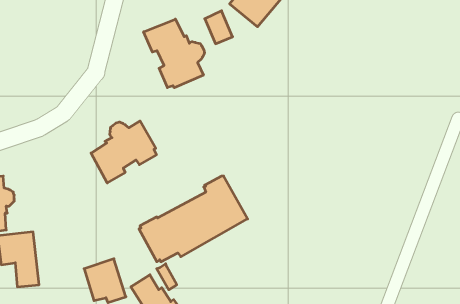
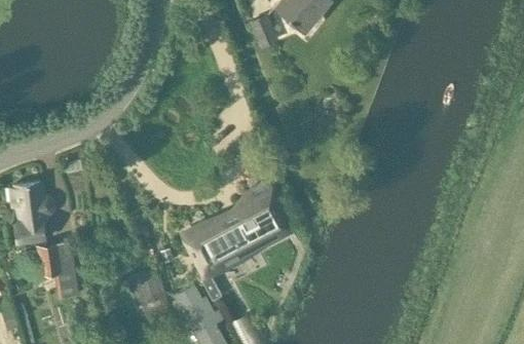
building: [144,19,204,88] -> none
building: [91,121,156,183] -> none

